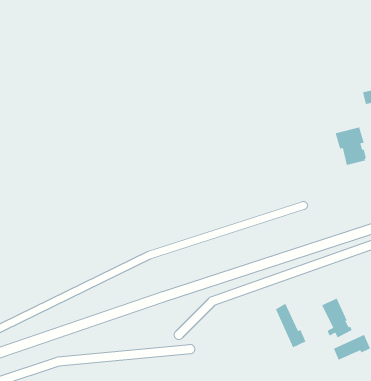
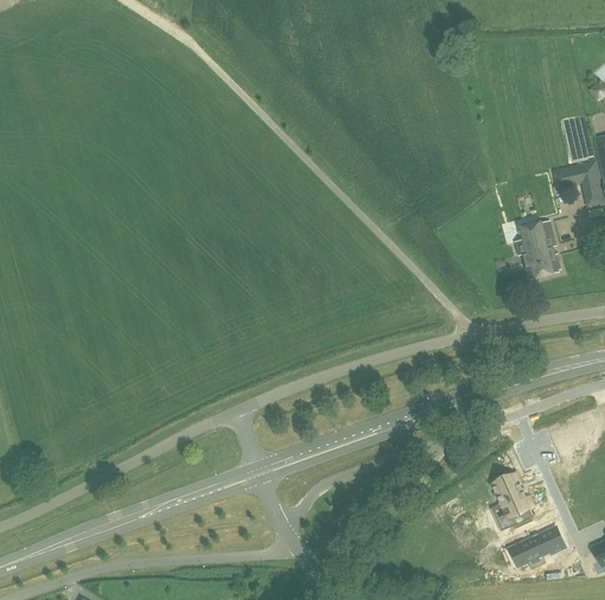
building: [275,303,306,348] -> none

